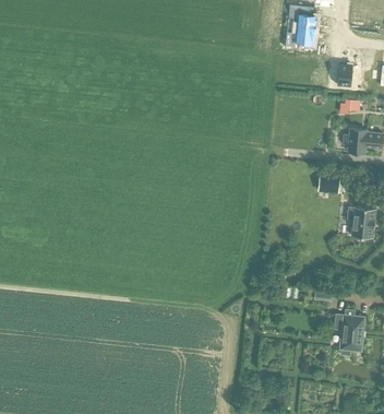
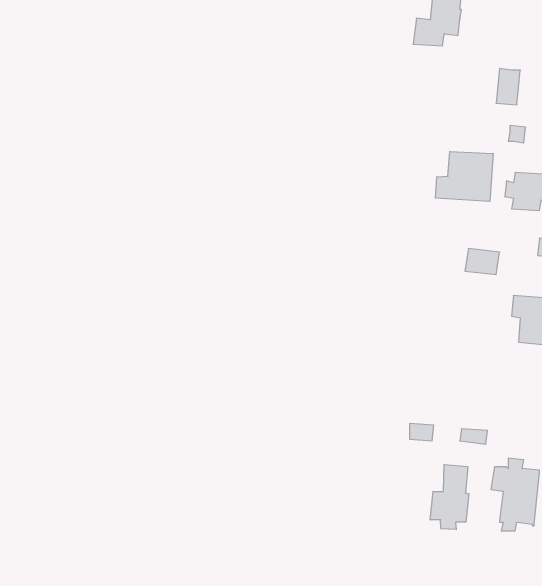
building: none -> [436,151,493,201]
building: none -> [430,464,469,530]

